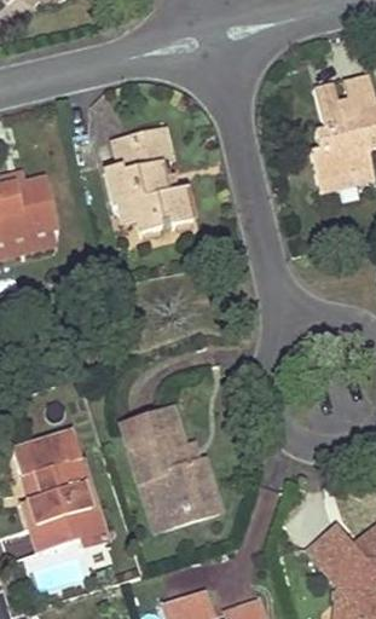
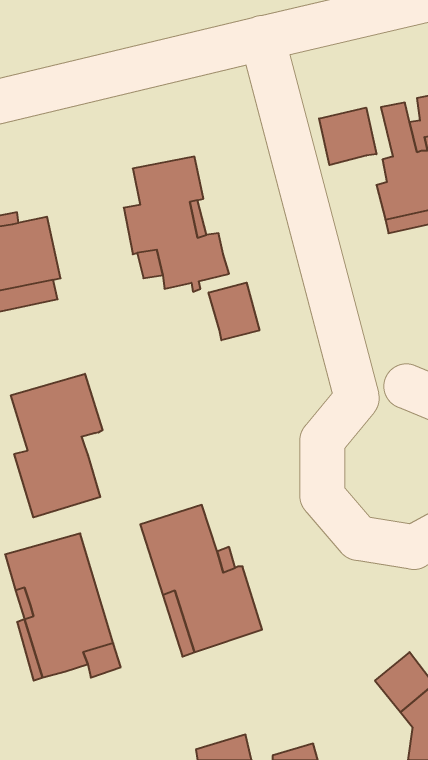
building: none -> [319,108,376,165]
building: none -> [209,283,259,340]
building: none -> [11,374,103,517]

